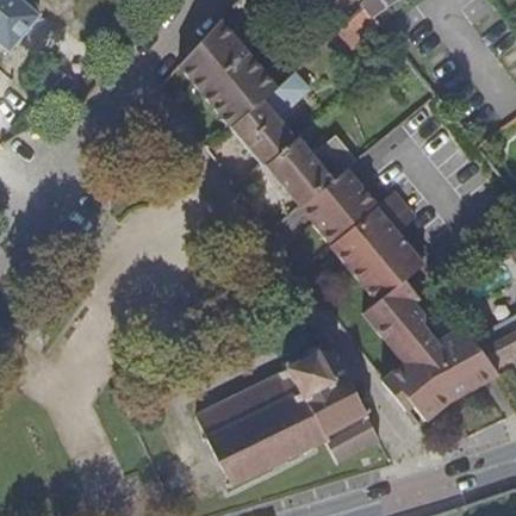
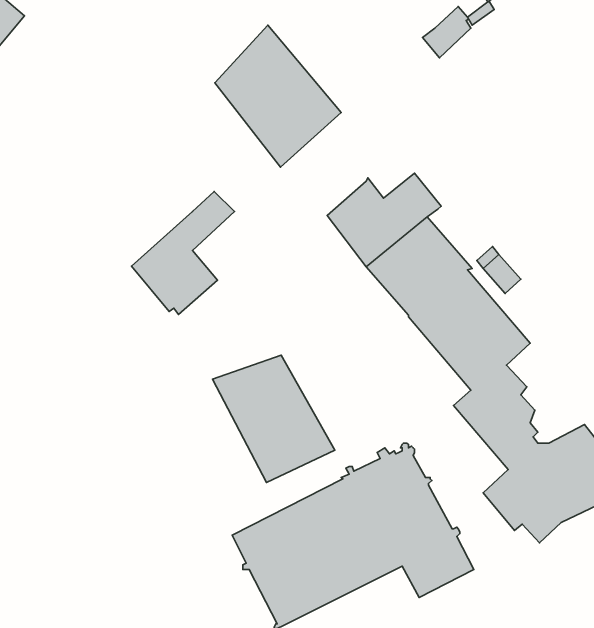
building: [232,73,311,167] -> [132,191,235,315]
building: none -> [213,355,335,483]

